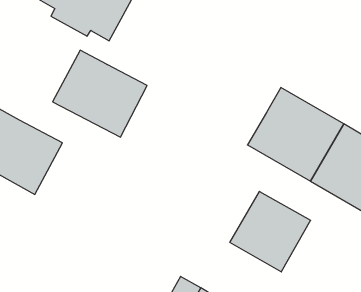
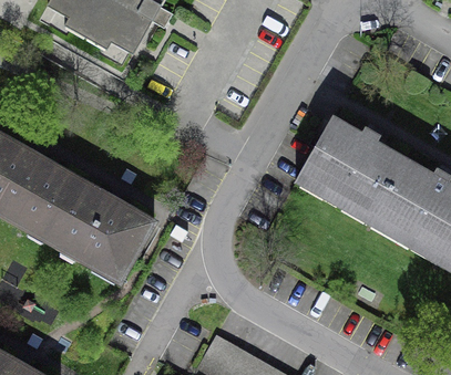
building: [53,50,147,137] -> [45,179,155,280]
building: [230,191,311,272] -> none

